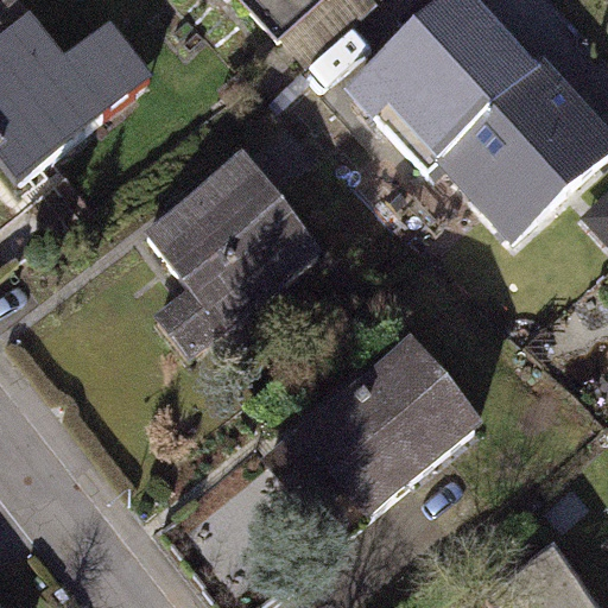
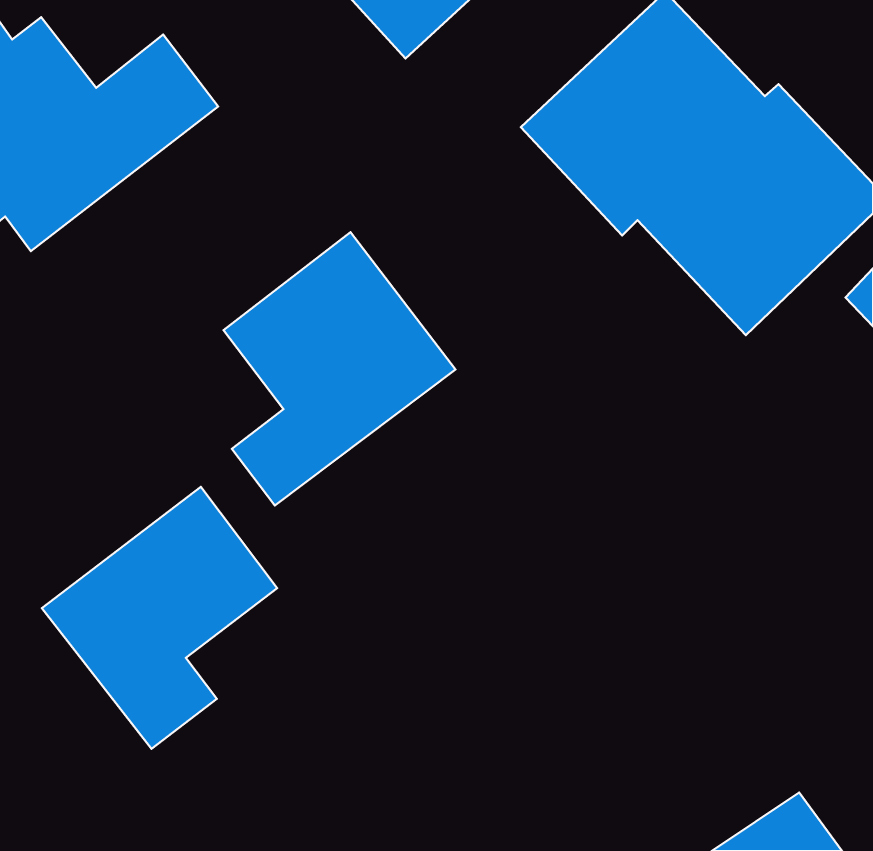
building: none -> [42,487,277,749]
building: [262,356,480,518] -> none

